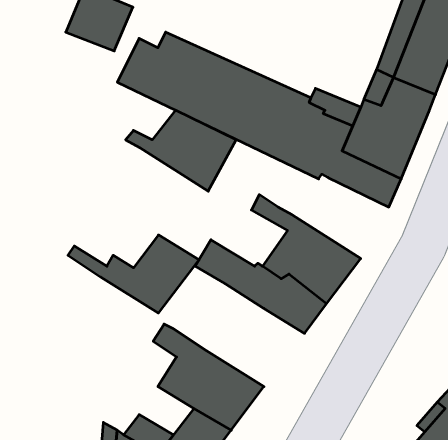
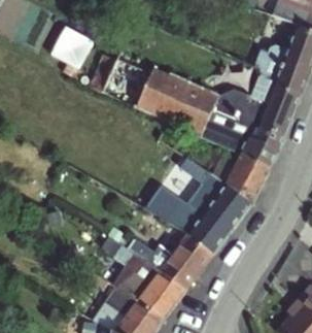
building: [126,110,236,191] -> [196,148,269,202]
building: [68,235,199,313] -> [127,235,213,287]

